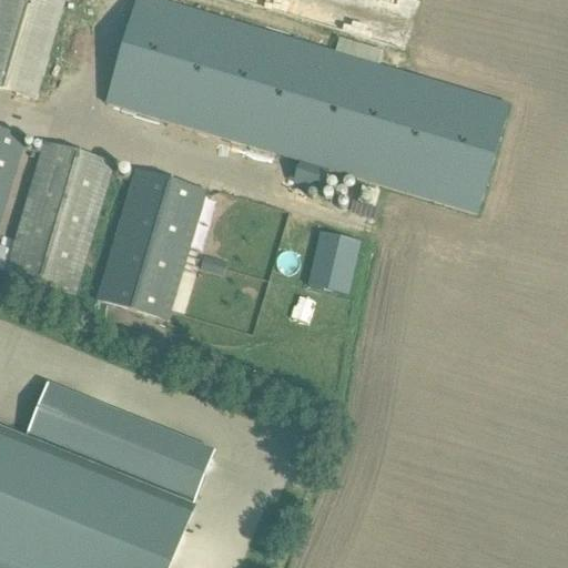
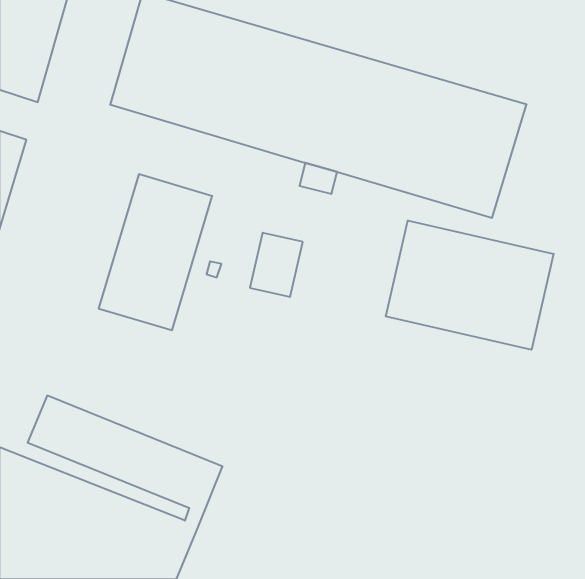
building: [4,142,113,293] -> none
building: none -> [386,220,554,350]
building: [307,229,358,291] -> [250,233,303,297]

